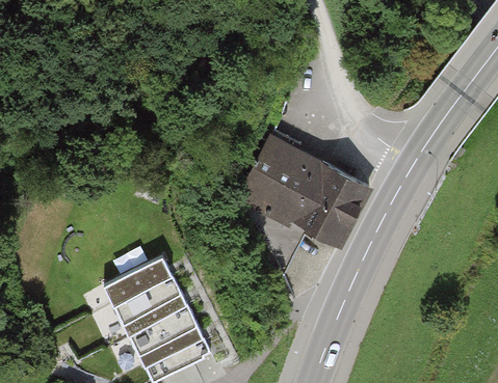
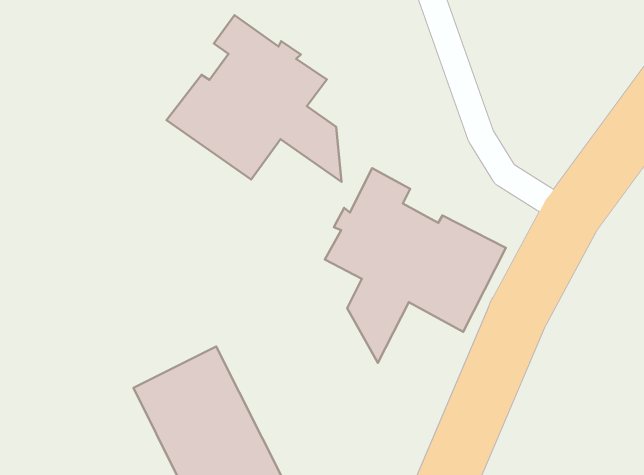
building: none -> [167,15,341,182]

